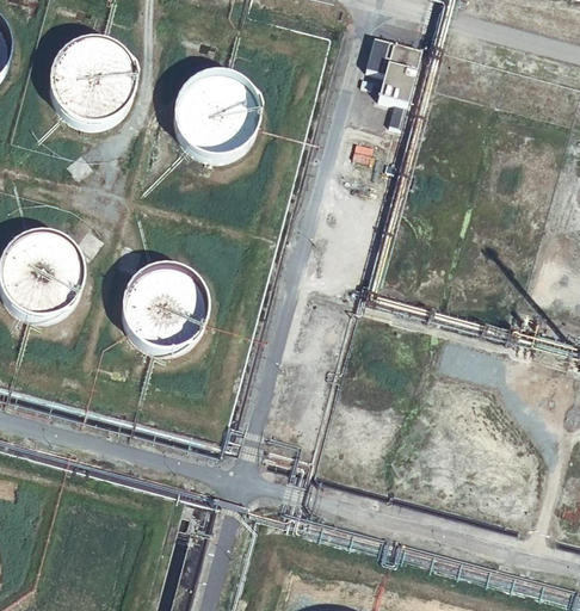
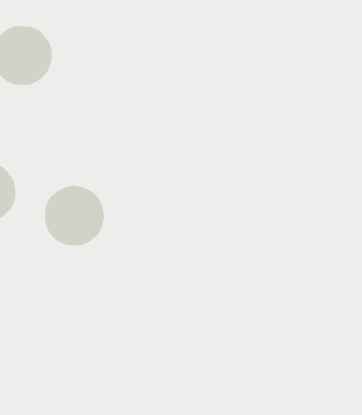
building: [366,35,420,123] -> none
building: [173,68,259,154] -> none

